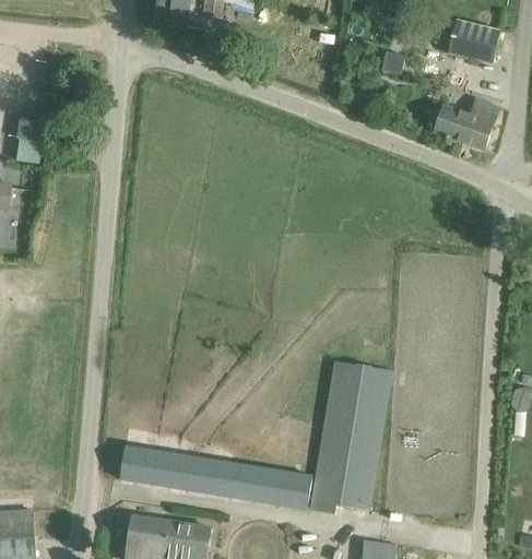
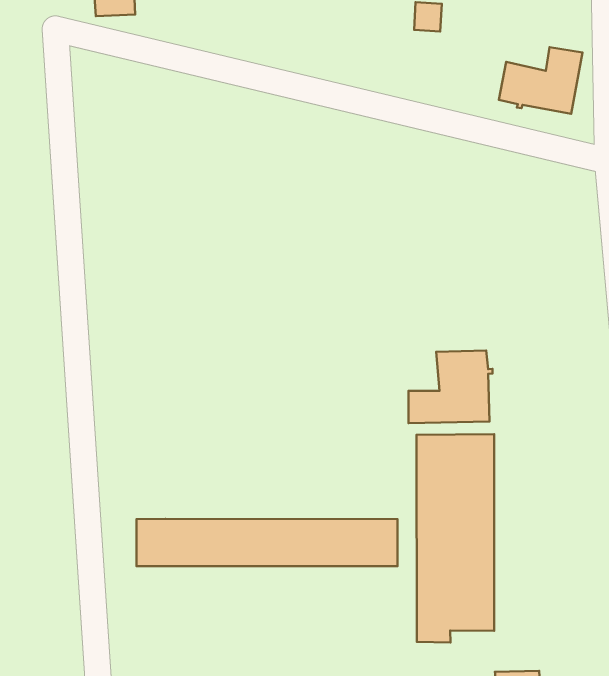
building: none -> [409,351,493,423]
building: [119,444,311,509] -> [136,519,397,566]

